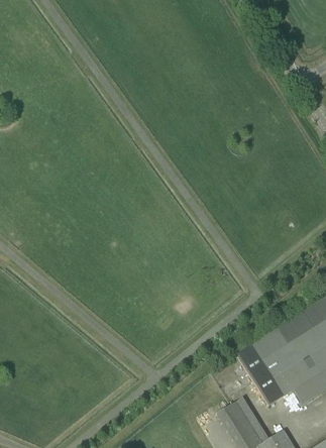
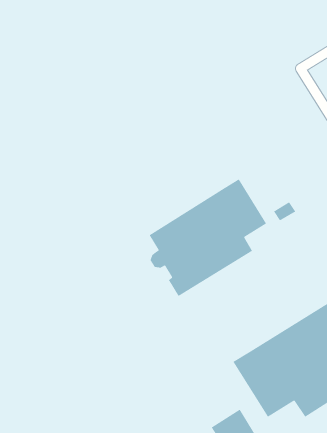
building: none -> [149,178,267,297]

